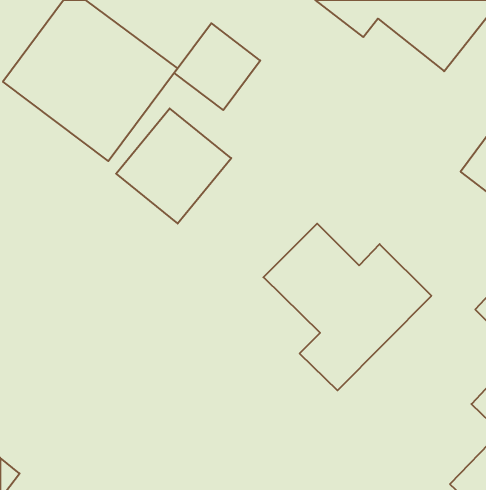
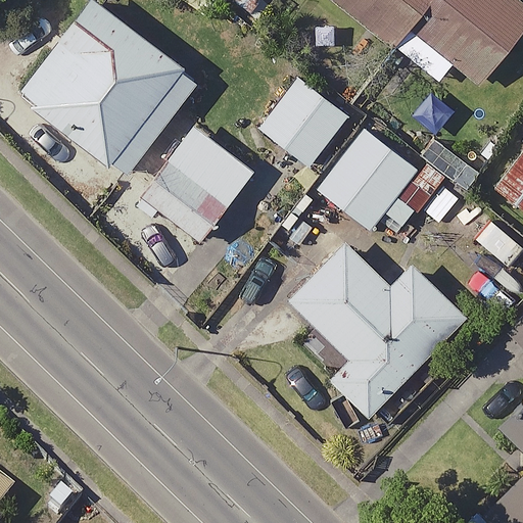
building: [174,23,260,110] -> [260,79,350,170]
building: none -> [318,130,439,231]

